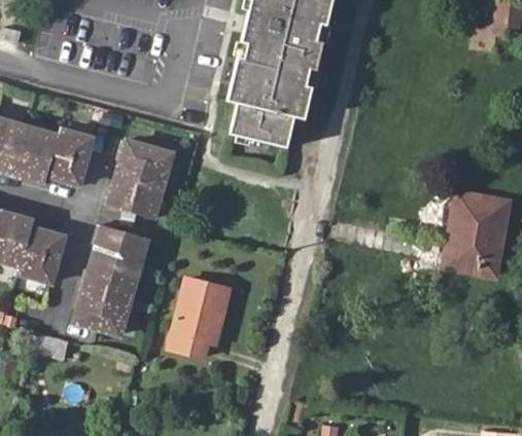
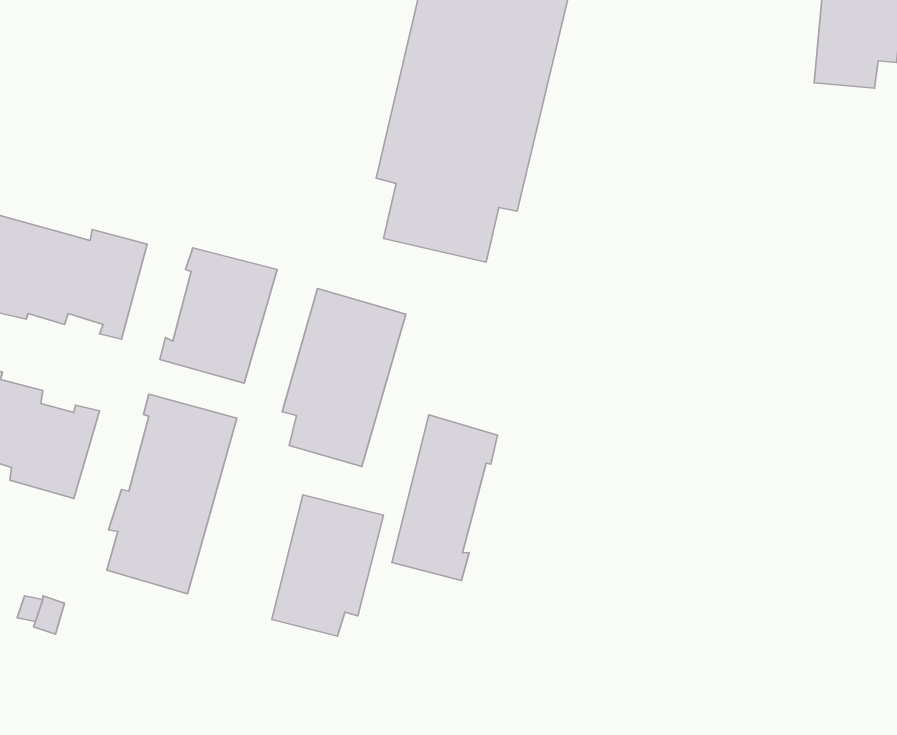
building: none -> [282,289,406,466]
building: [443,191,512,277] -> none
building: none -> [392,415,497,581]

